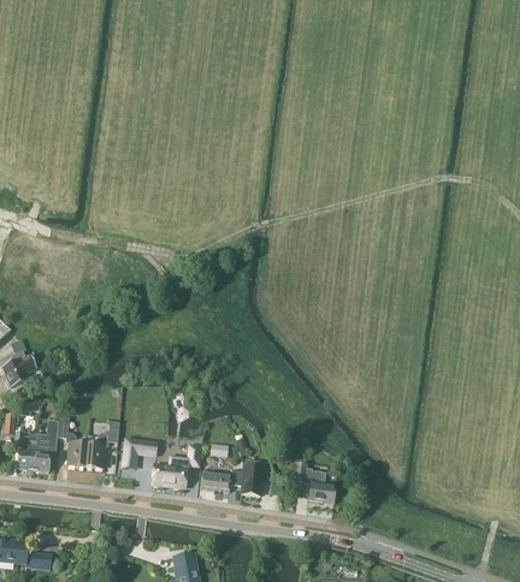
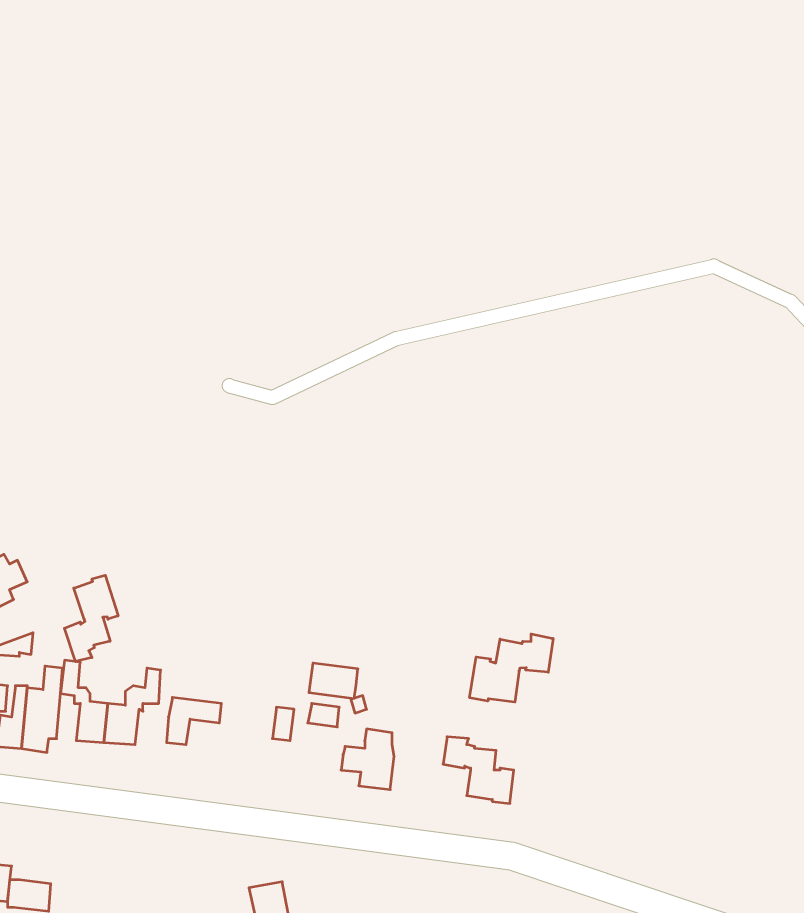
building: none -> [64,575,118,662]
building: none -> [470,634,553,702]
building: [153,463,187,487] -> none
building: [201,470,231,492] -> [309,663,358,698]

